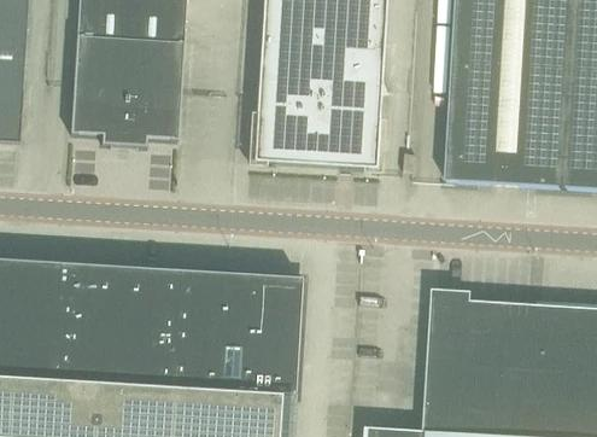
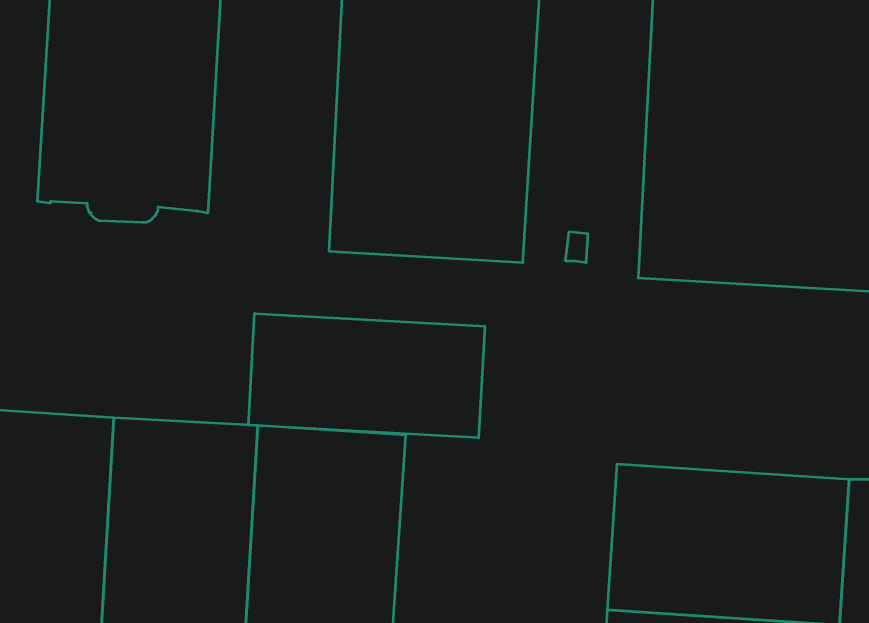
building: none -> [248,313,485,438]

